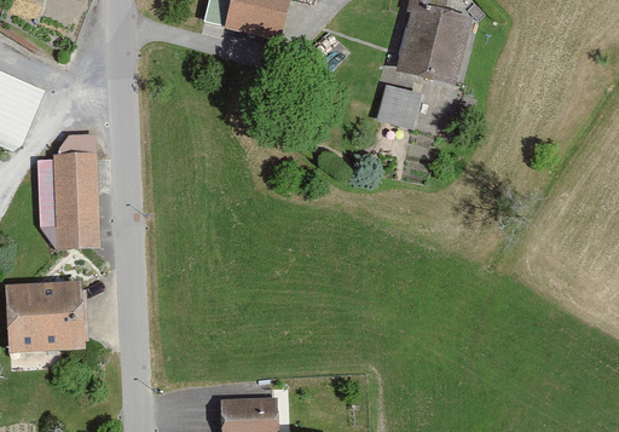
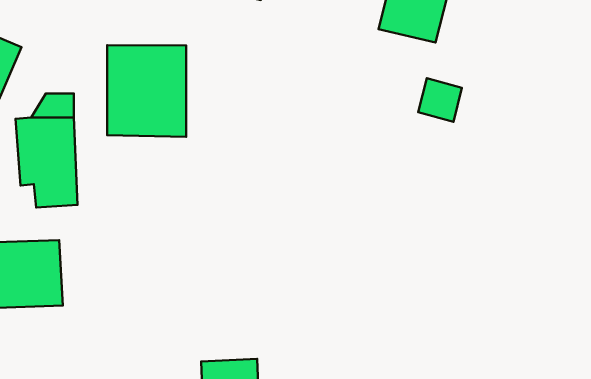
building: [378,85,422,128] -> [418,78,462,122]
building: none -> [107,45,186,137]

